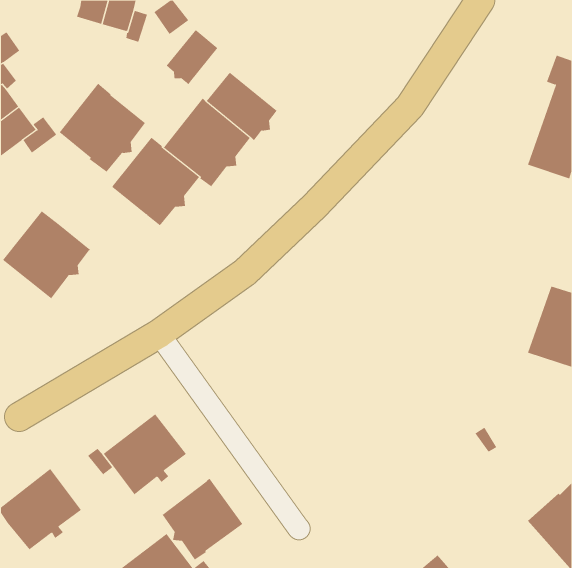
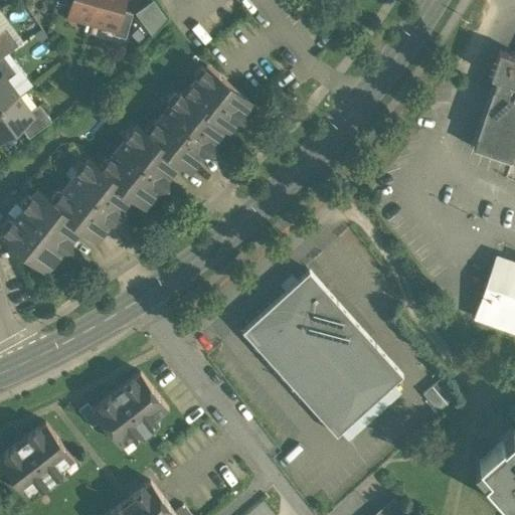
building: [166,29,218,85] -> none
building: [59,83,146,172] -> [53,161,132,241]
building: none -> [243,275,402,437]
building: [162,478,244,560] -> none

